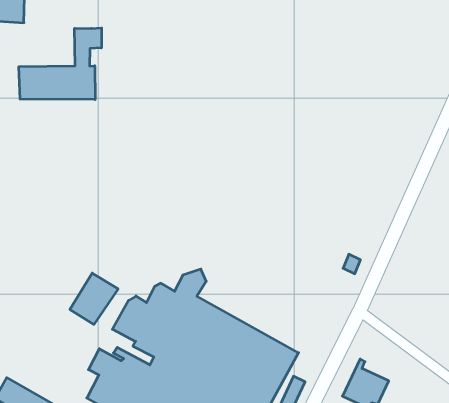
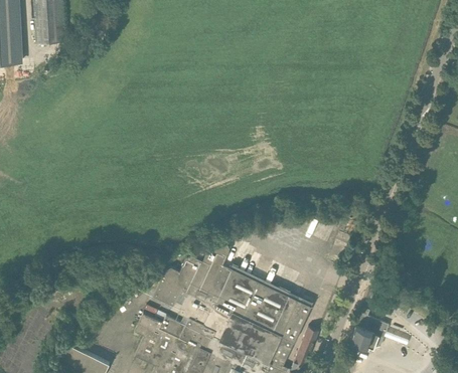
building: [19,28,102,100] -> none
building: [70,273,118,324] -> none

